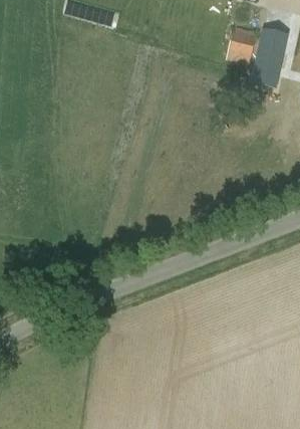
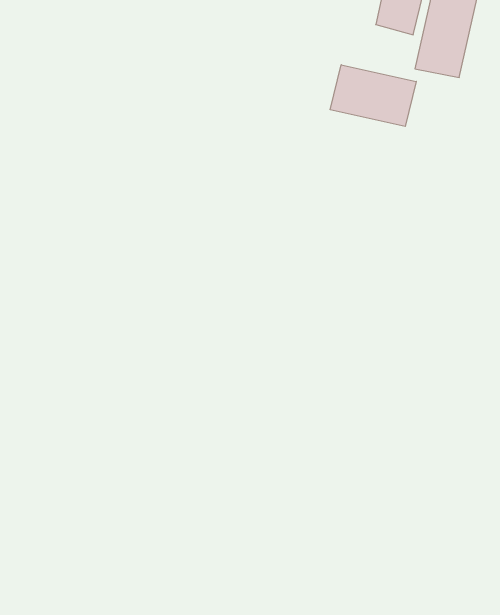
building: none -> [330,65,416,126]

